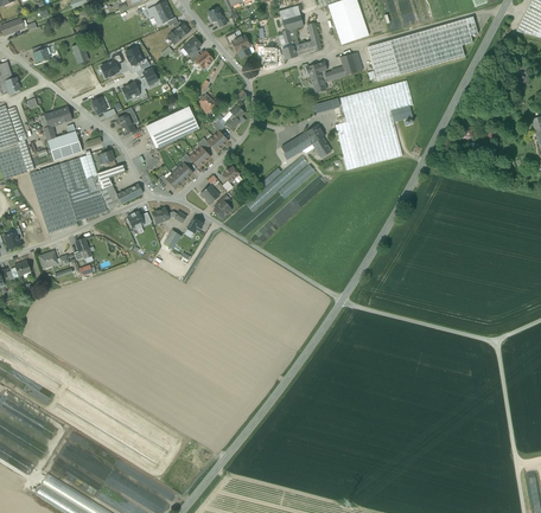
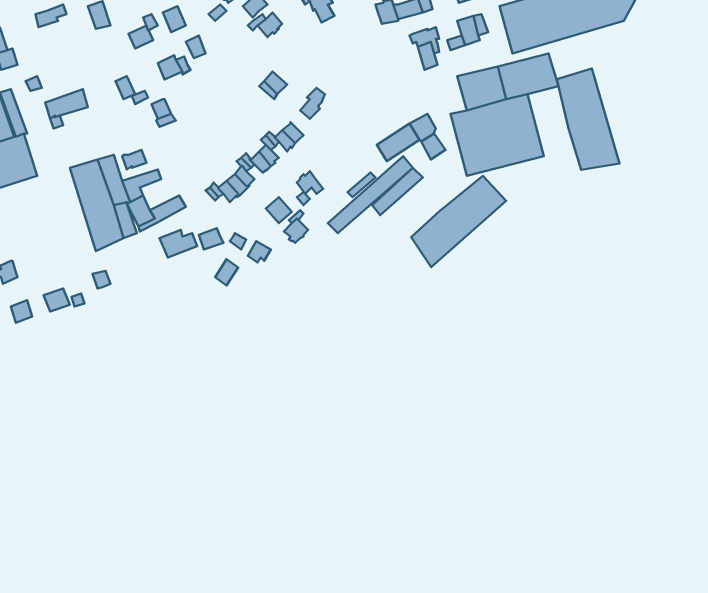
building: none -> [557,68,620,170]
building: [146,107,198,148] -> none
building: [47,132,82,160] -> none
building: [28,163,77,233] -> none
building: none -> [411,176,506,267]

